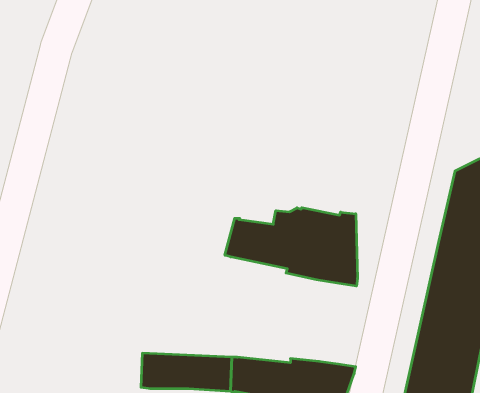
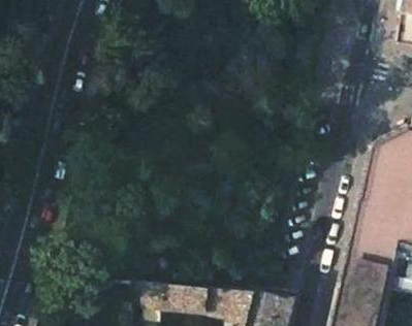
building: [225,208,357,286] -> none

